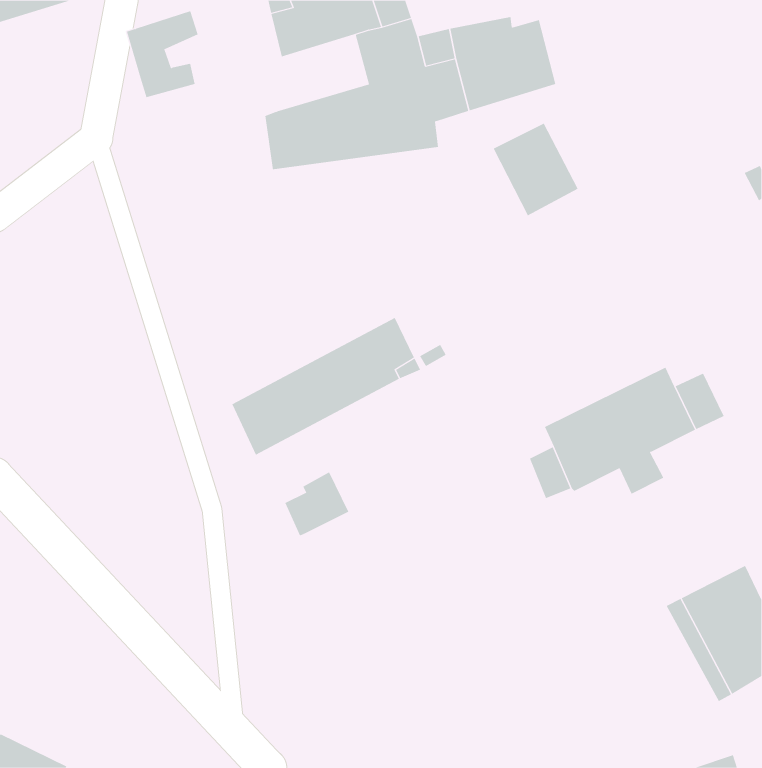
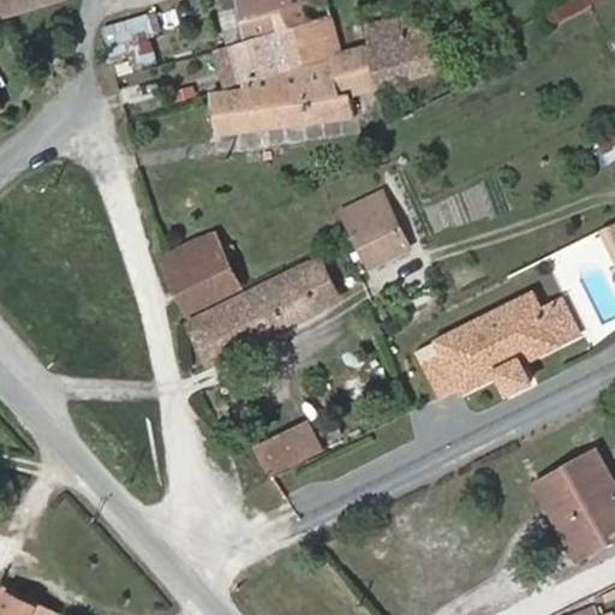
building: none -> [210,28,294,89]
building: [493,123,579,216] -> [339,192,407,267]
building: none -> [160,232,238,311]
building: [284,471,349,536] -> [255,428,306,479]

